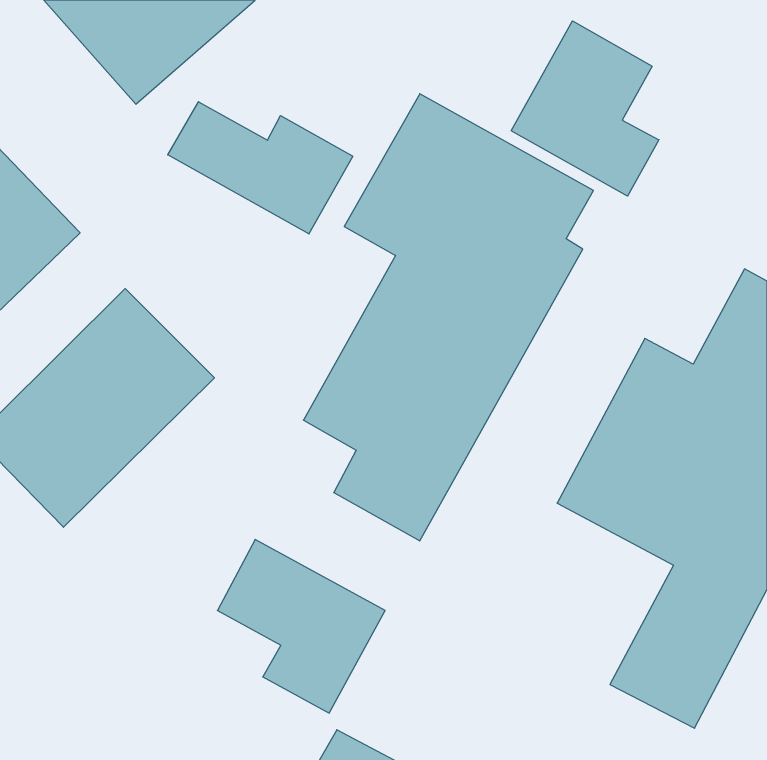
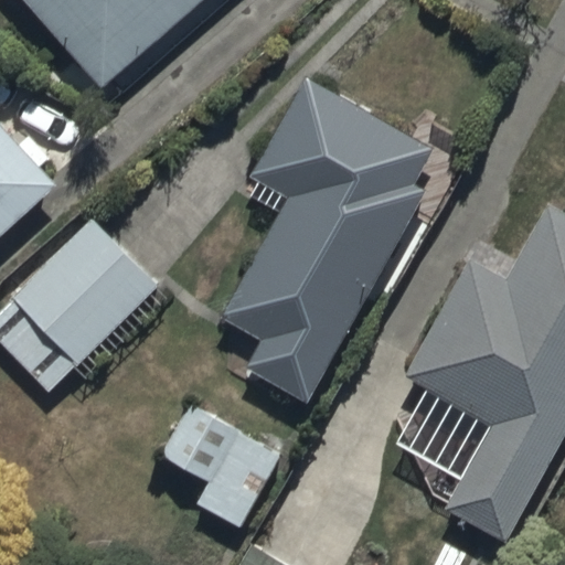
building: [511,21,659,196] -> none
building: [168,102,353,234] -> none

